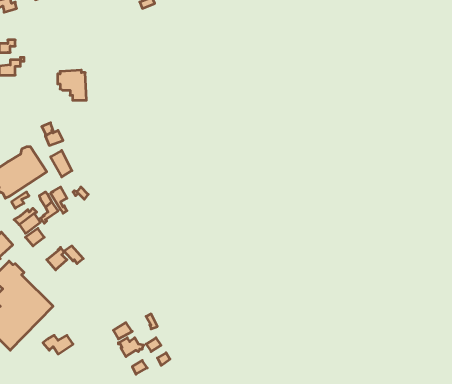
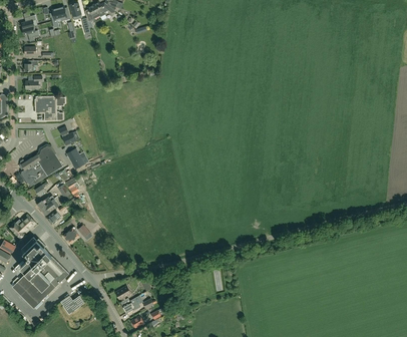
building: [58,70,86,100] -> [34,95,57,119]

